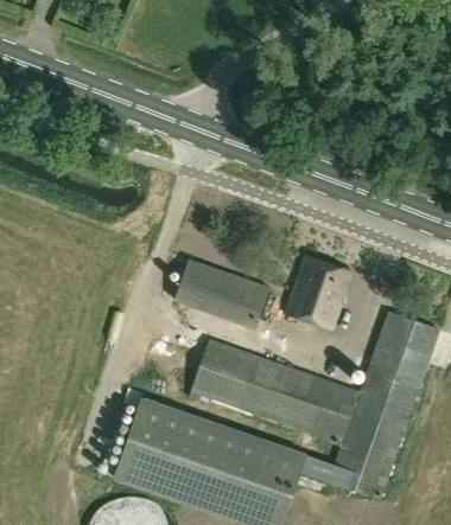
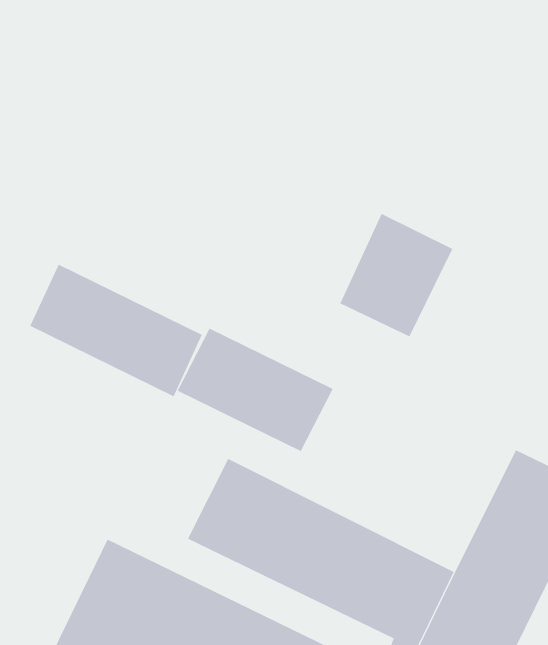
building: none -> [30,264,203,397]
building: [285,255,351,329] -> [339,213,453,337]

